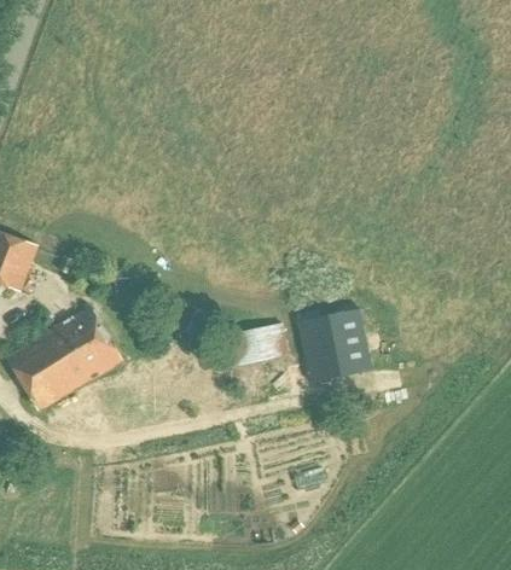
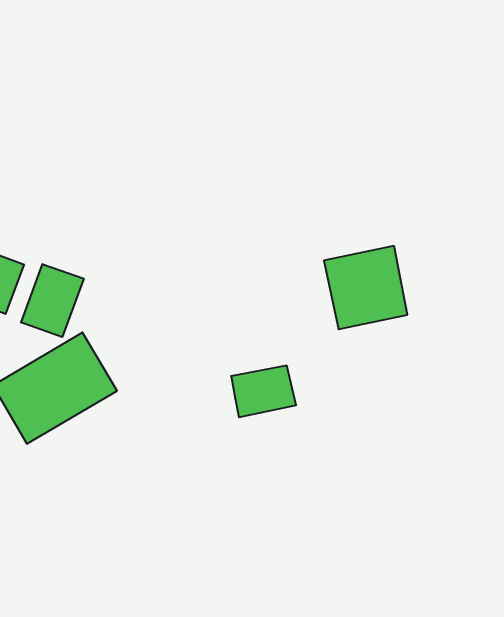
building: none -> [21,264,84,337]
building: [296,307,372,383] -> [324,246,407,329]

